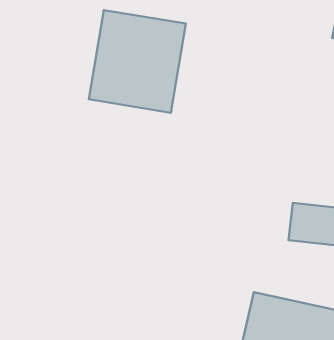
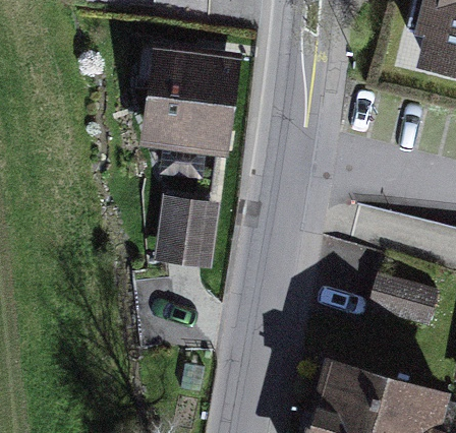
building: none -> [152,196,212,267]

